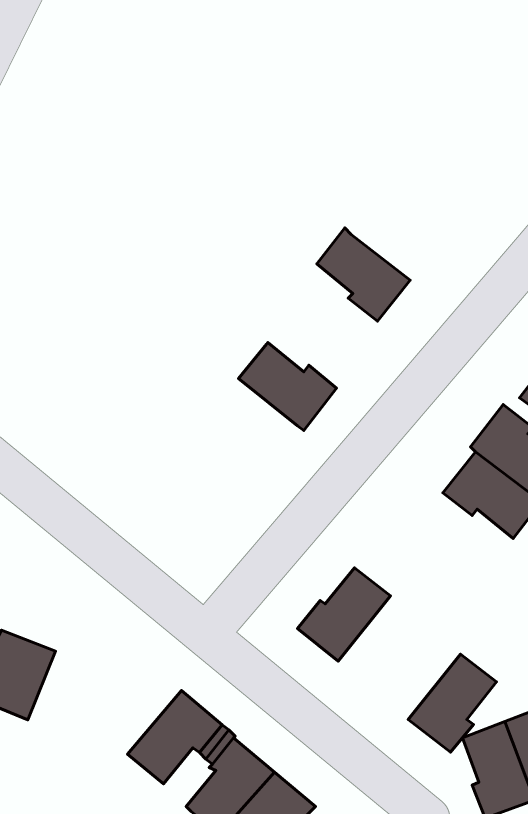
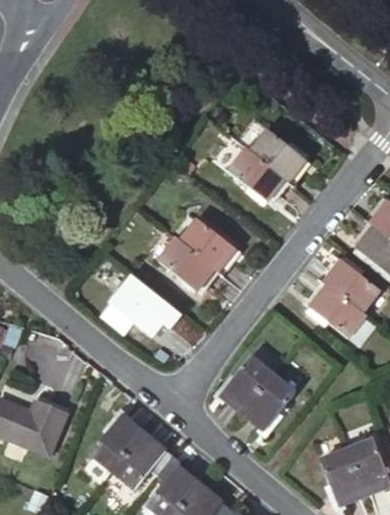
building: none -> [249,129,310,183]
building: none -> [159,237,216,295]
building: none -> [102,276,178,337]
building: [408,654,496,752] -> [241,374,296,435]
building: none -> [90,411,145,472]

